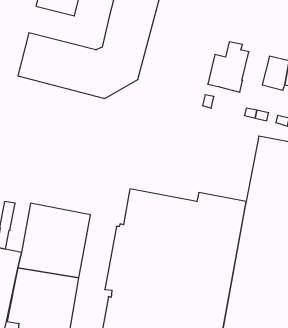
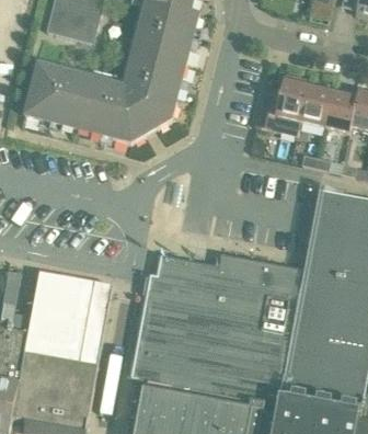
building: none -> [298,85,332,126]

